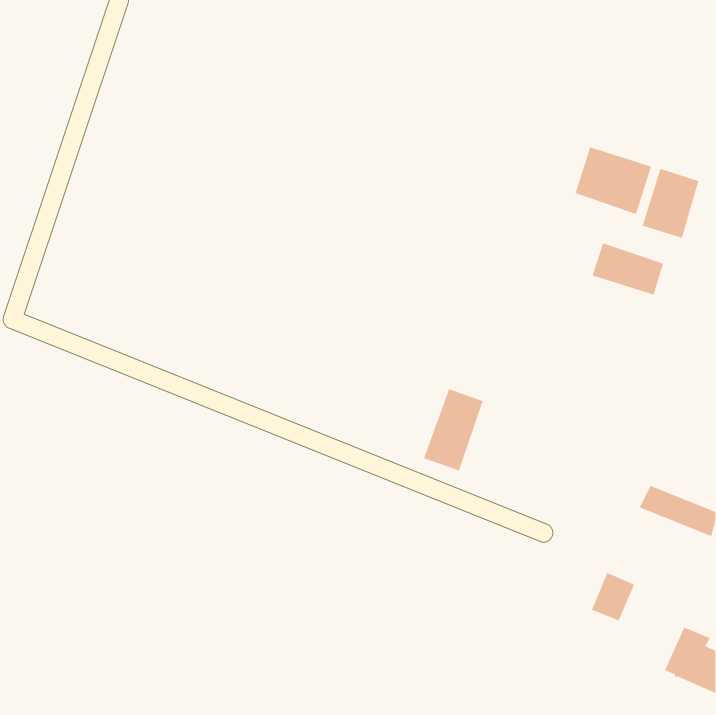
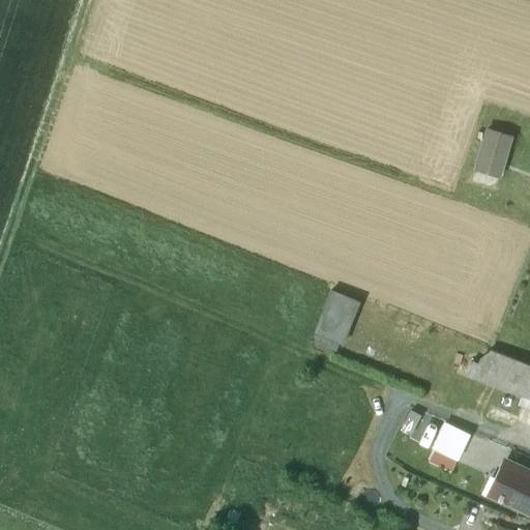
building: [575,146,652,215] -> none
building: [592,243,664,295] -> none

